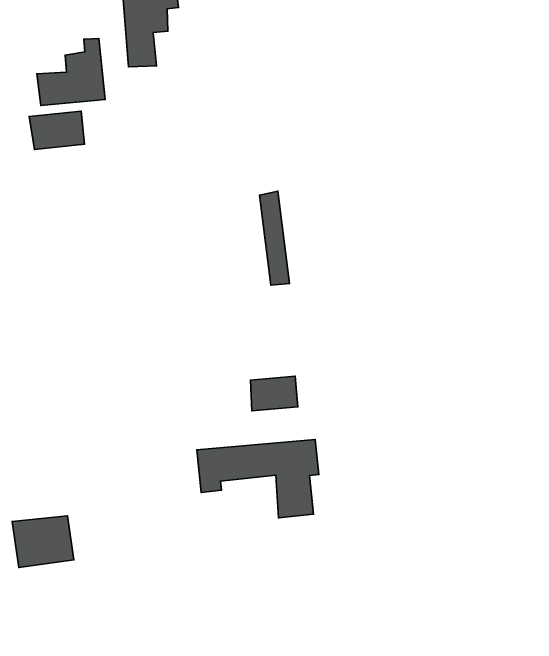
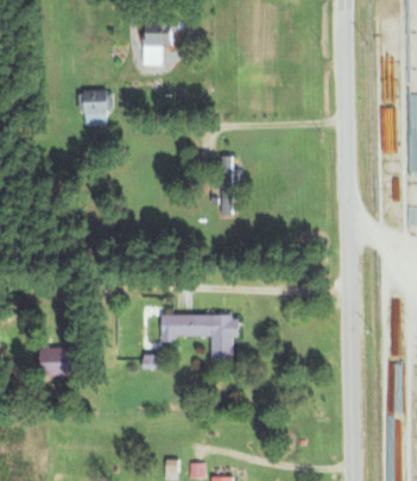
building: [37,38,105,105] -> none
building: [251,376,298,411] -> none

